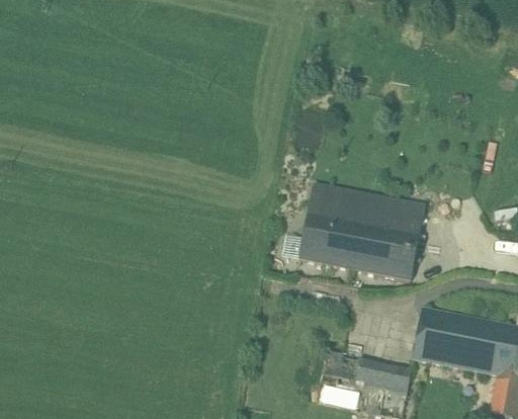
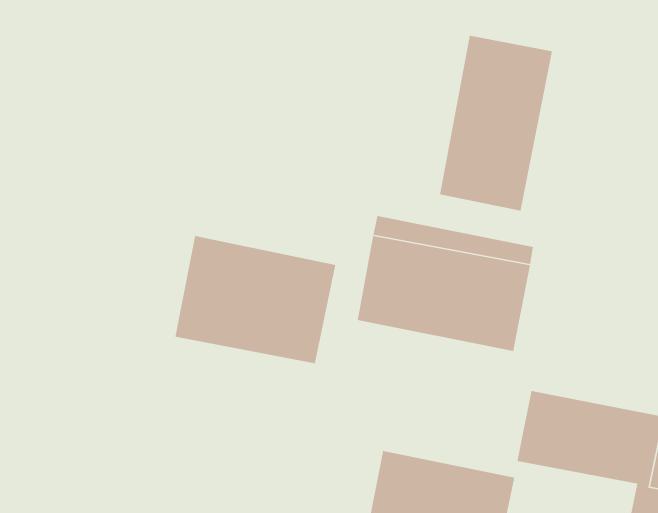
building: none -> [439,35,553,212]
building: none -> [175,235,336,364]

